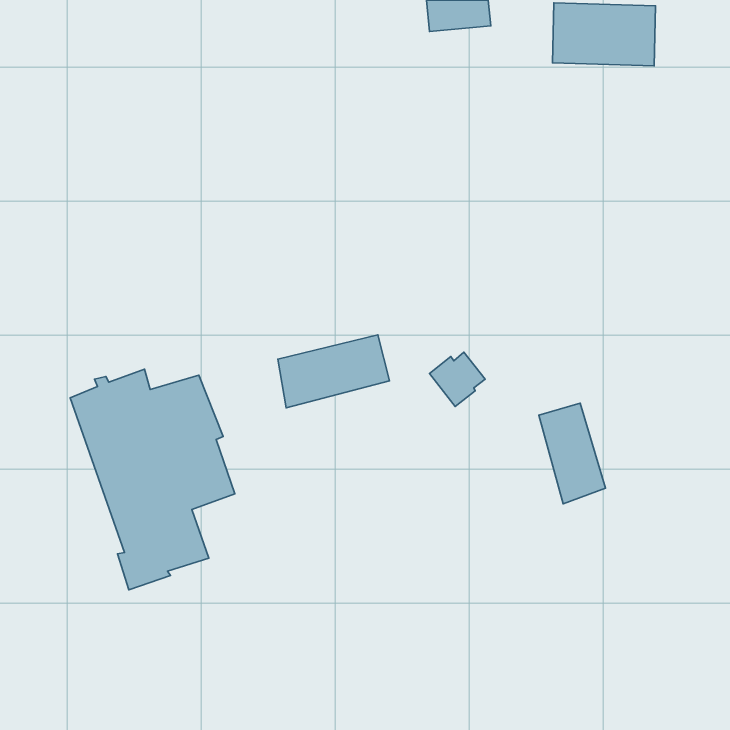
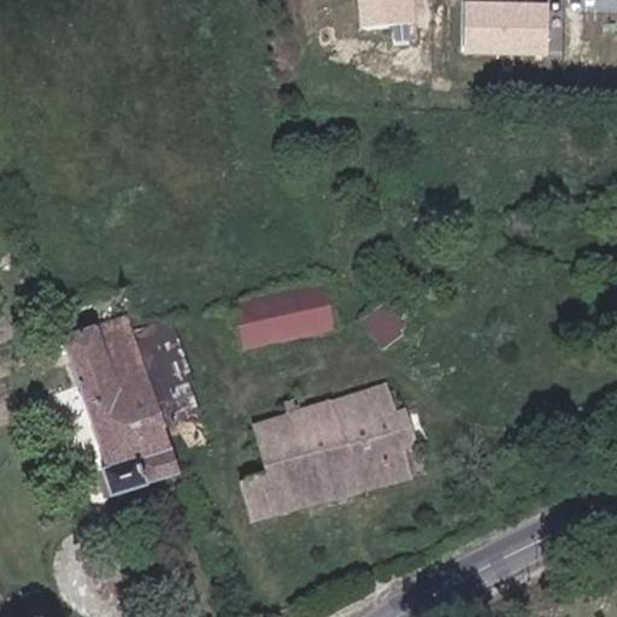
building: [539,403,605,504] -> none
building: none -> [242,370,429,521]

